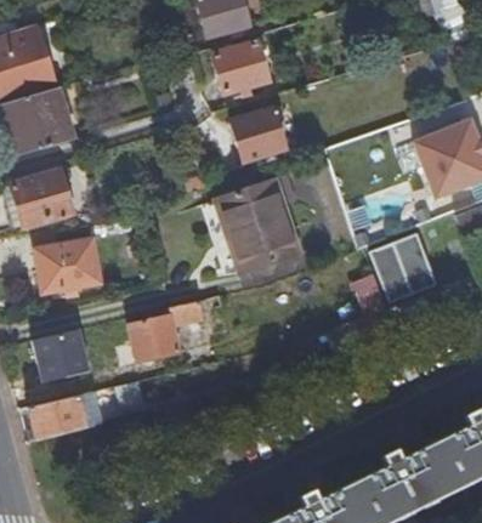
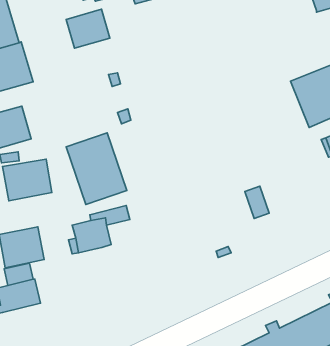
building: [212,42,270,93] -> [66,9,110,48]
building: [231,108,285,161] -> none
building: [205,186,284,279] -> [66,133,127,204]
building: [372,237,435,302] -> none

